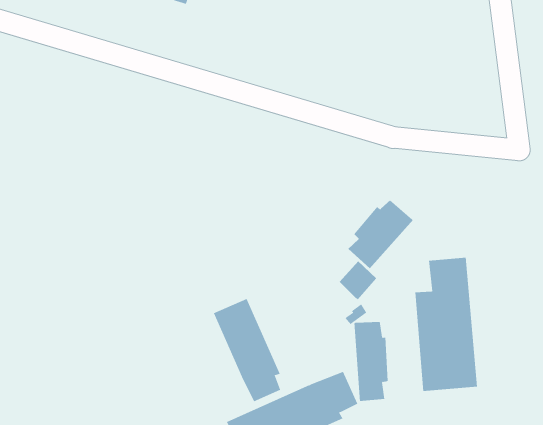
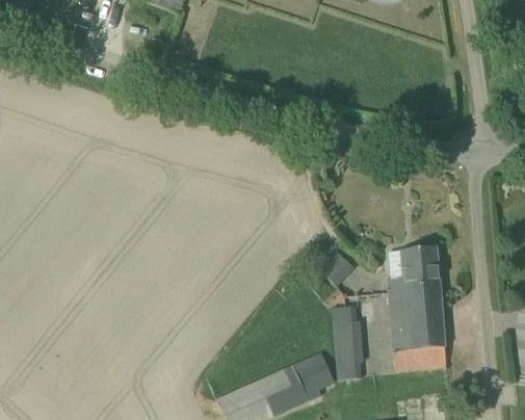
building: [348,199,414,269] -> none
building: [213,298,281,402] -> none

